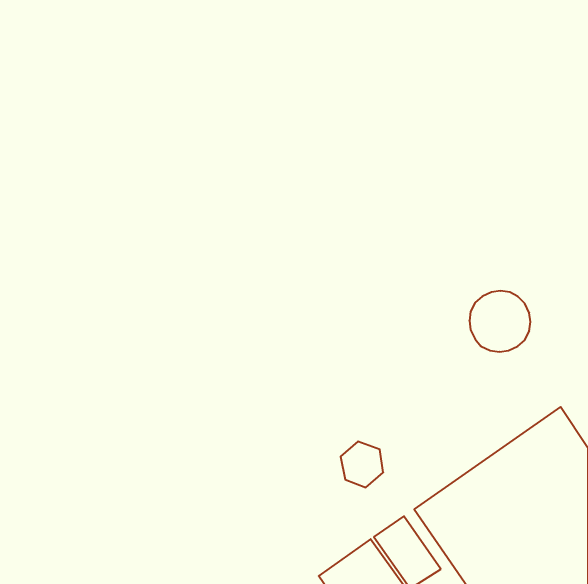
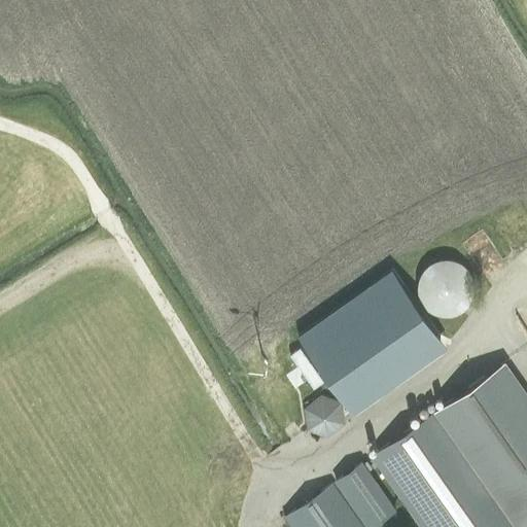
building: none -> [298,272,448,416]

